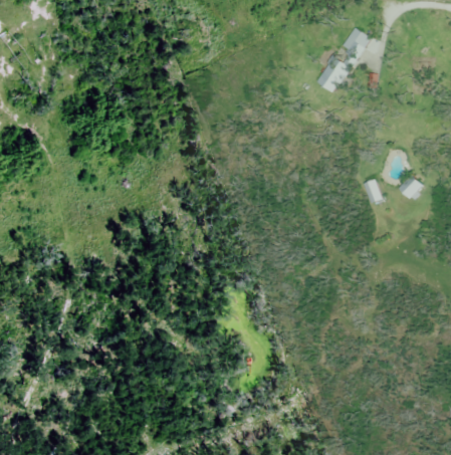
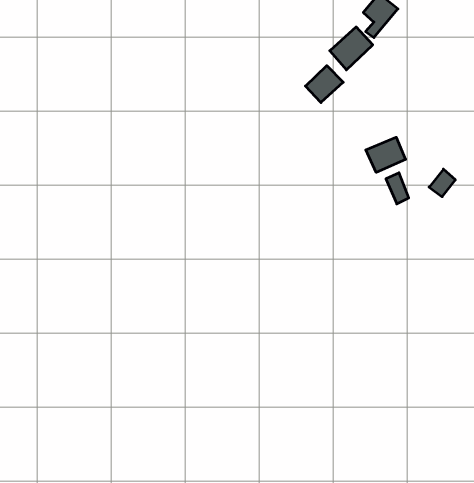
building: none -> [305,66,343,103]
building: none -> [366,137,406,172]

